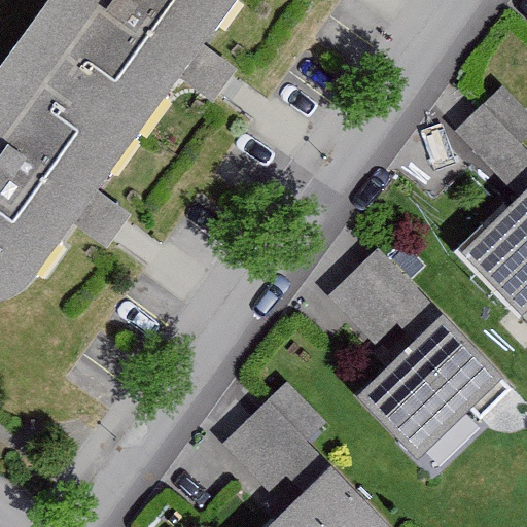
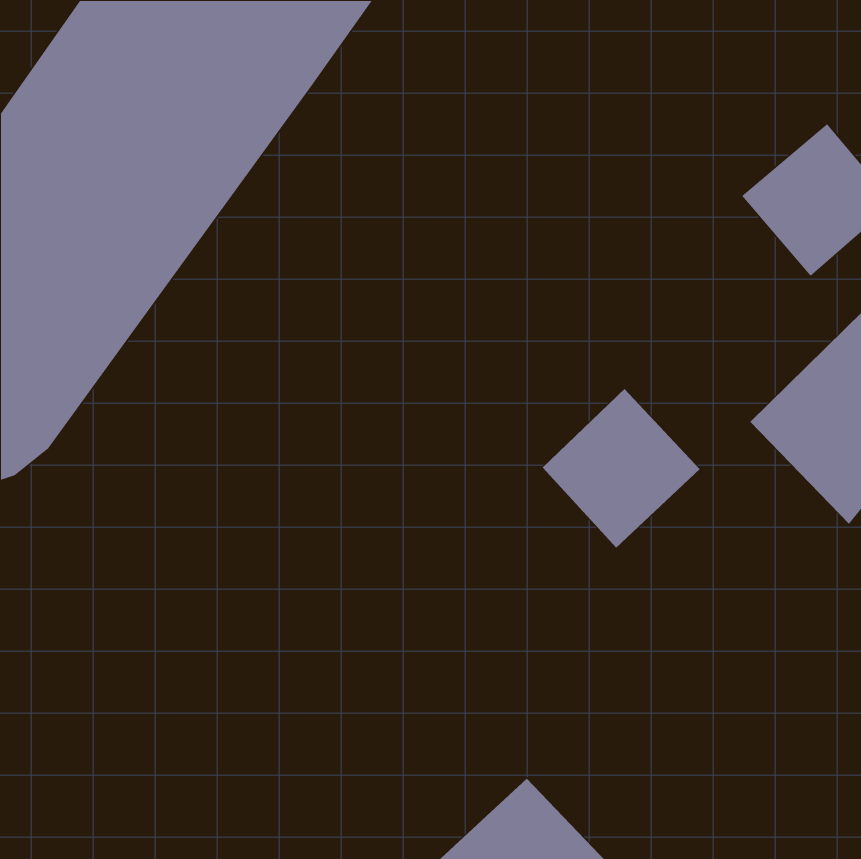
building: [352,320,506,462] -> none
building: [225,373,333,480] -> none

